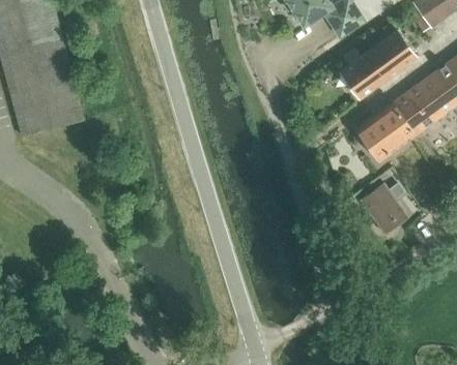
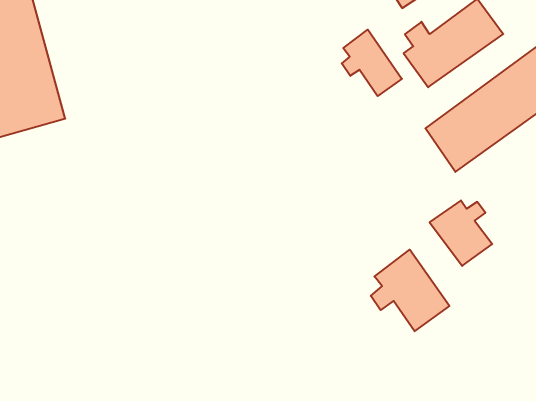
building: none -> [342,30,402,96]
building: none -> [371,250,449,331]

